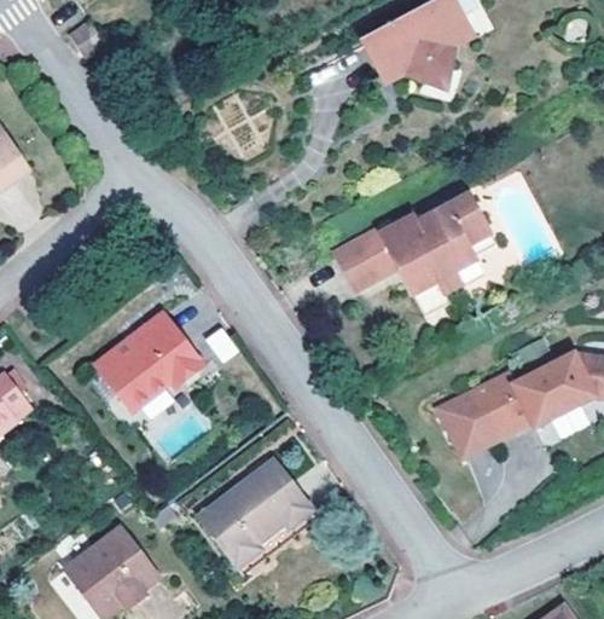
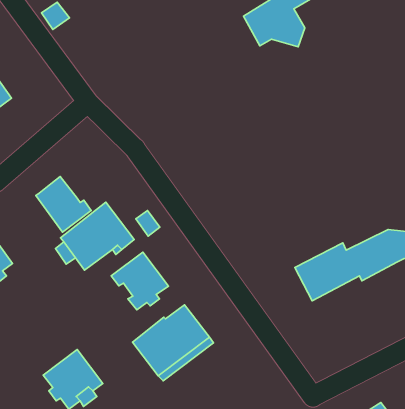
building: [341,191,494,316] -> none
building: none -> [36,177,91,232]
building: none -> [111,252,168,310]

